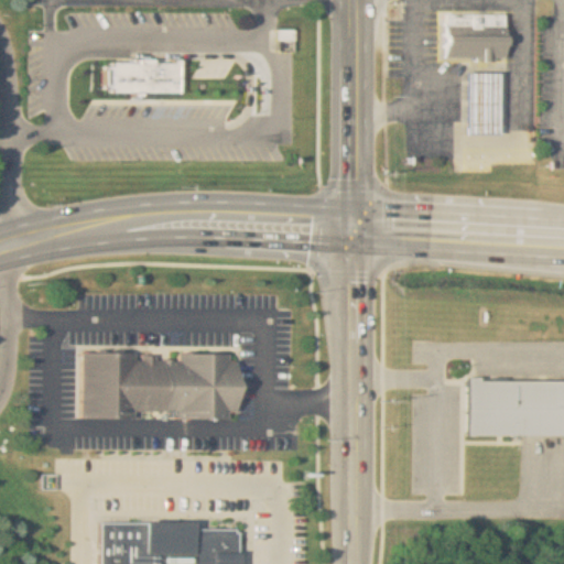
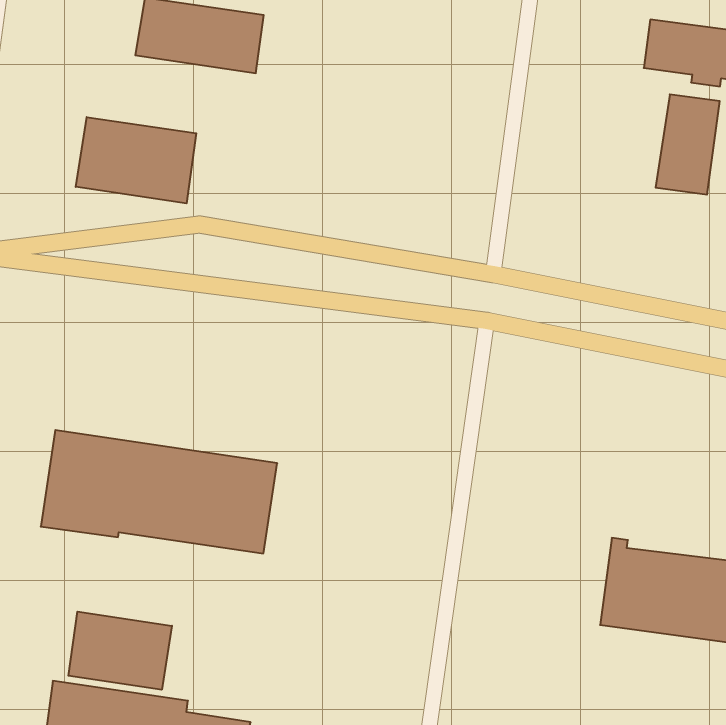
building: none -> [76,117,196,203]
building: none -> [68,612,172,690]

